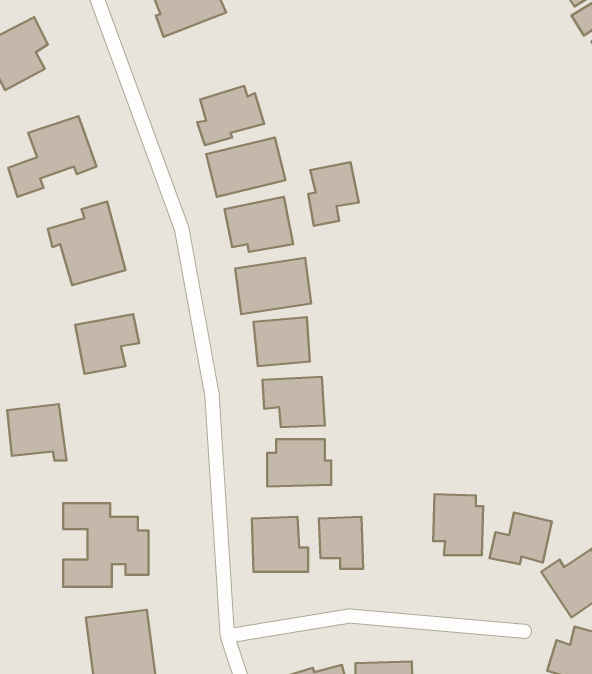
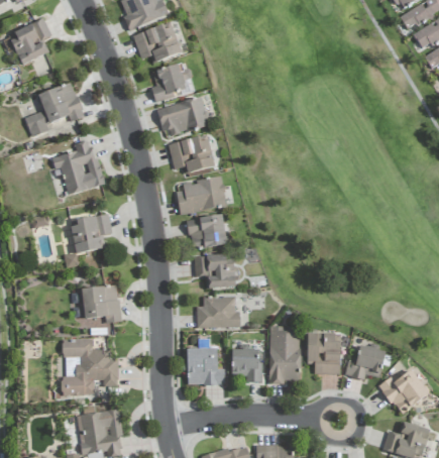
building: none -> [133,23,182,64]
building: [308,162,359,226] -> none
building: [7,404,67,461] -> [82,284,121,322]
building: none -> [268,326,300,383]

